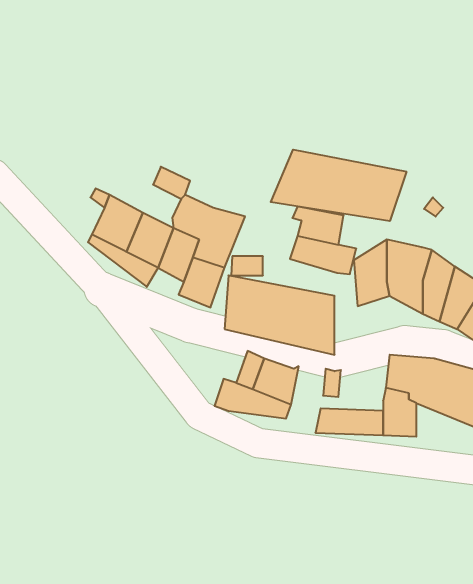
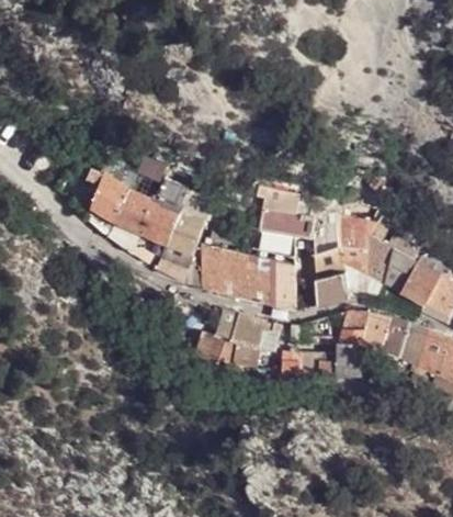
building: [271,150,406,221] -> none
building: none -> [314,262,346,307]

